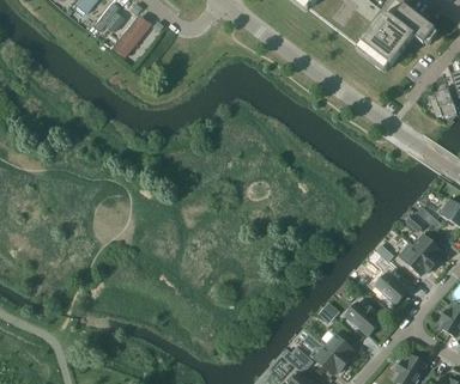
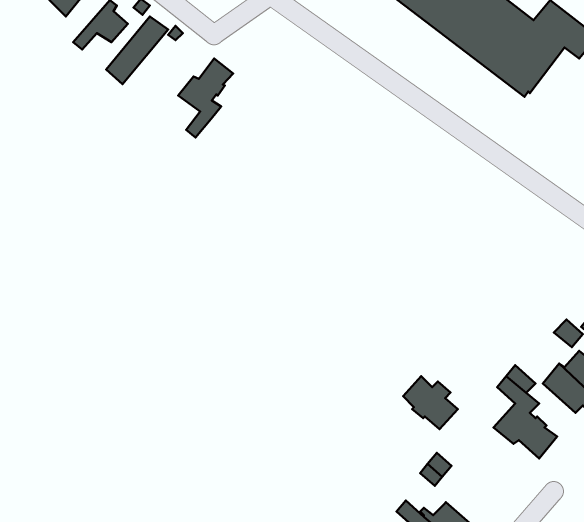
building: none -> [178,58,233,137]
building: [345,300,381,335] -> [403,376,458,429]

